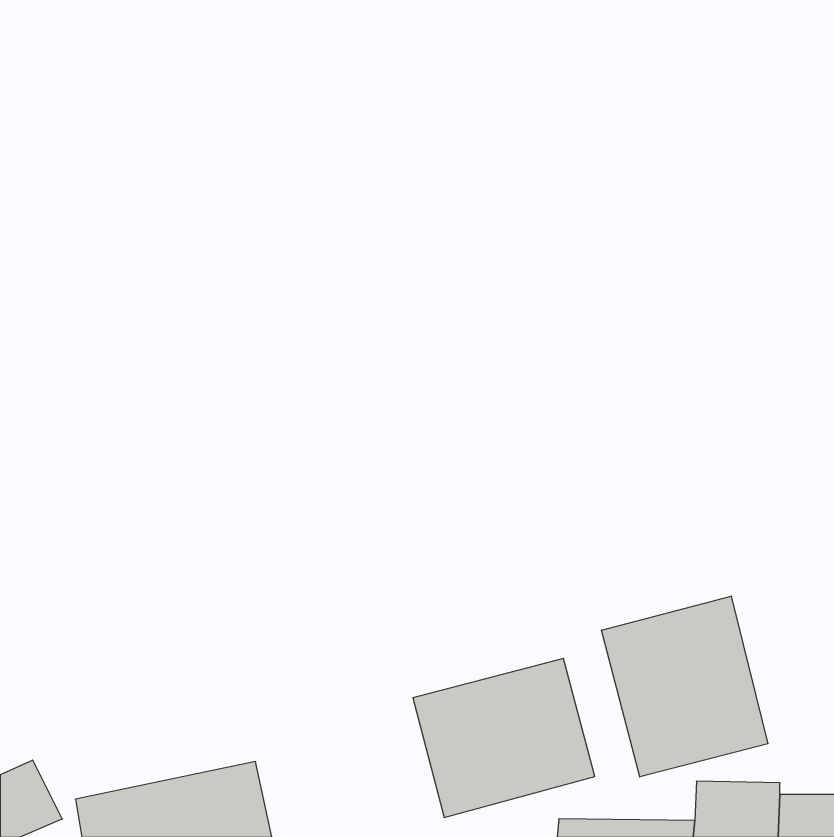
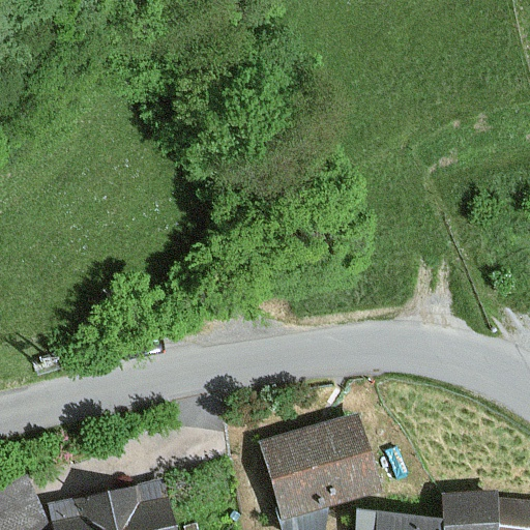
building: [601,596,768,777] -> none

